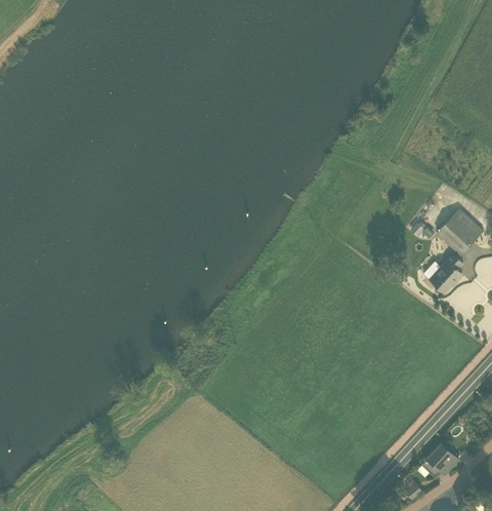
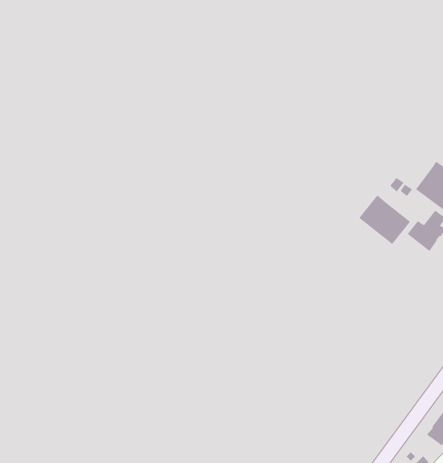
building: none -> [359,195,411,245]

